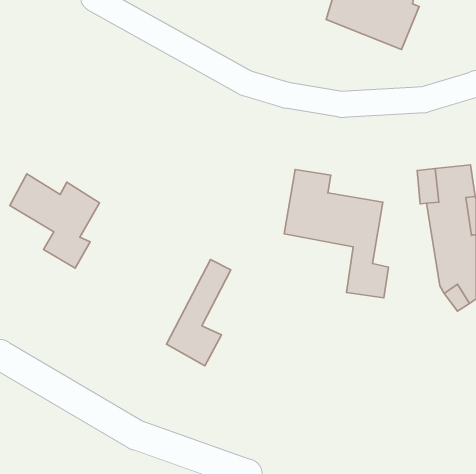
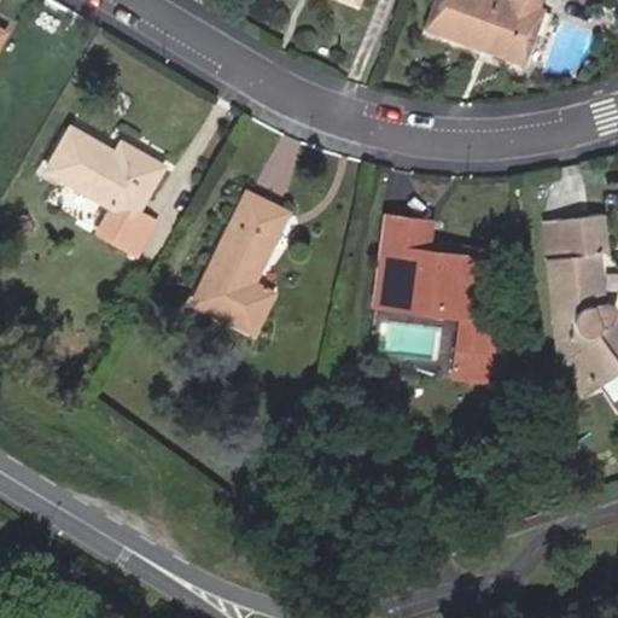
building: [10,174,99,268] -> [49,133,165,255]
building: [167,260,231,366] -> [196,193,279,331]

